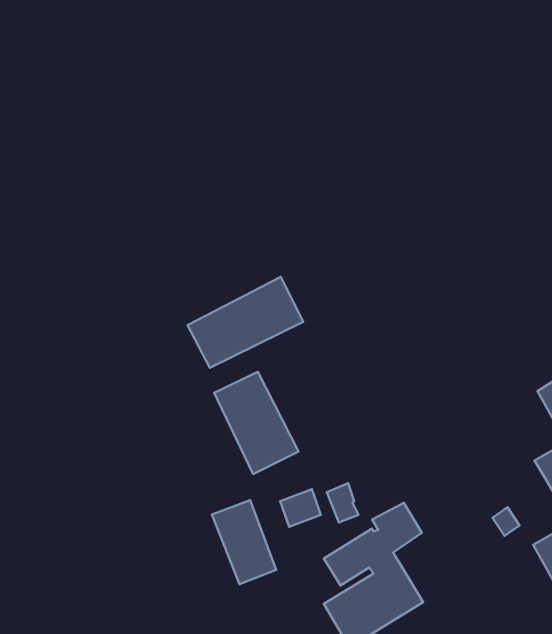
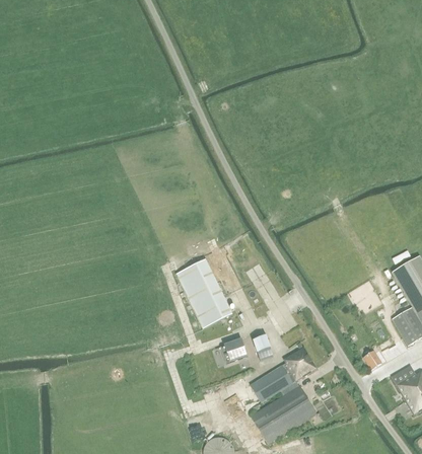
building: [188,277,303,368] -> none
building: [212,500,276,584] -> none

